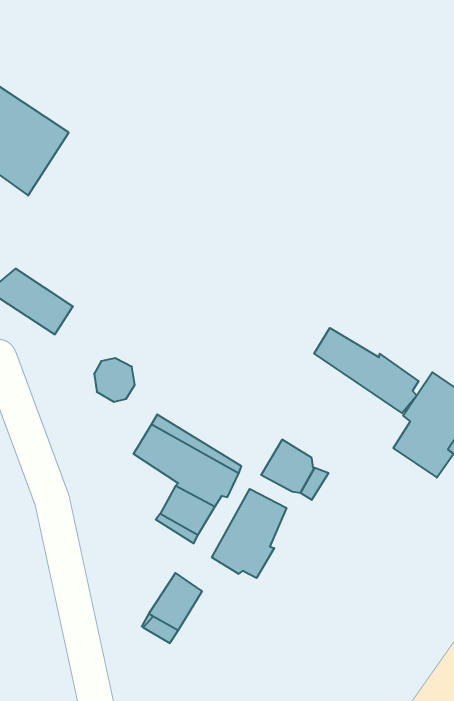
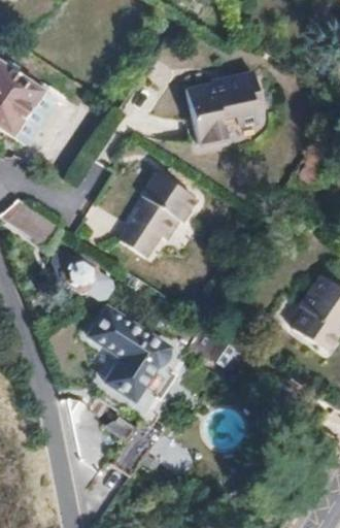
building: none -> [186,69,259,140]
building: none -> [118,173,199,258]
building: [314,328,419,413] -> none
building: [212,489,286,578] -> none

